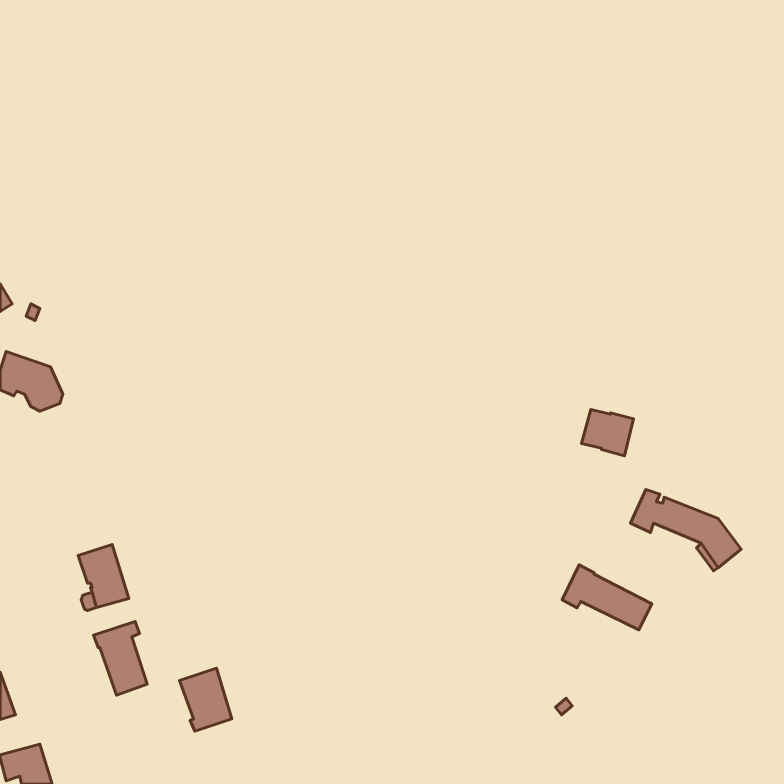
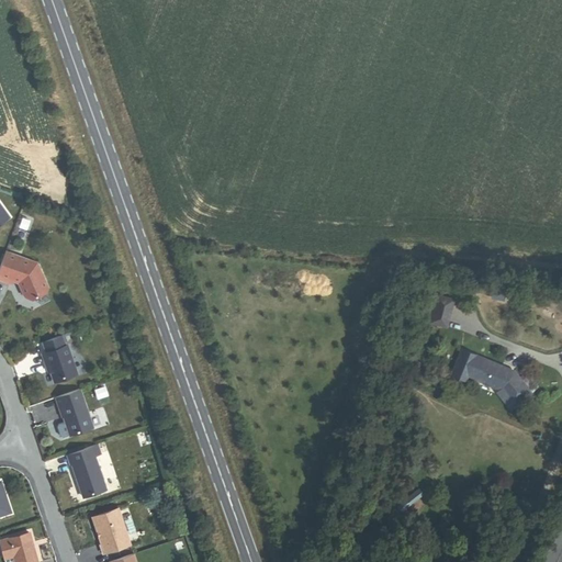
building: none -> [42,334,77,382]
building: [562,565,652,630] -> none
building: [180,668,232,731] -> [92,508,130,553]

